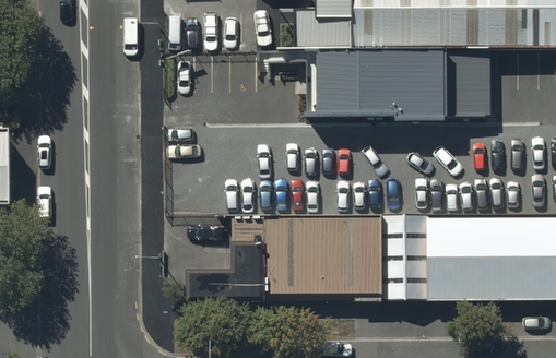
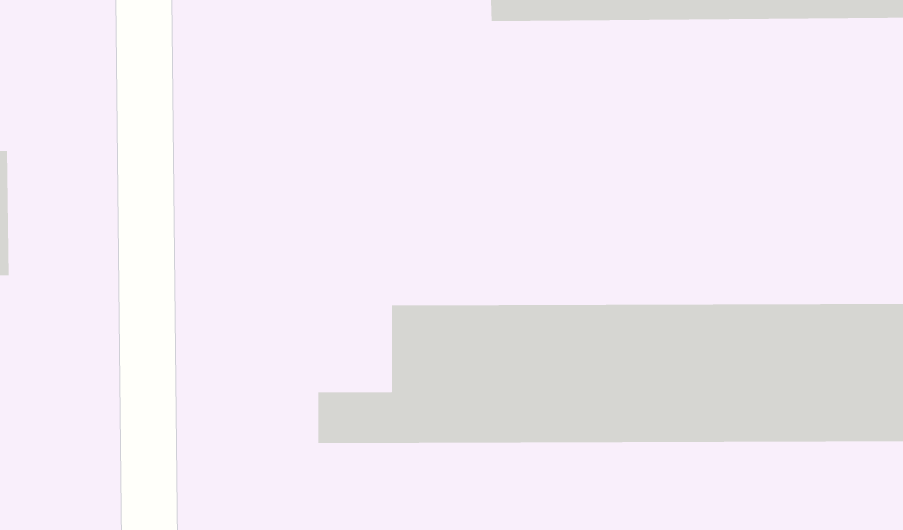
building: [310,52,493,116] -> none

